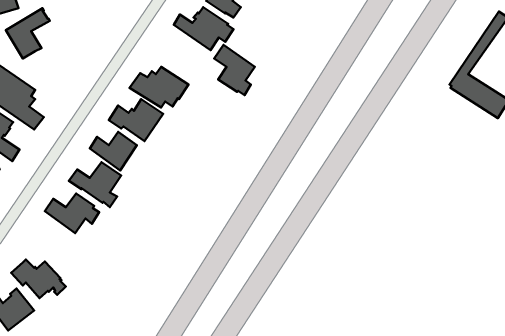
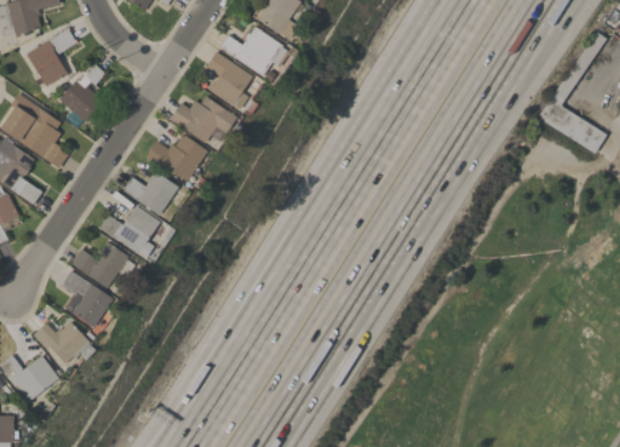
building: none -> [59,62,105,128]
building: [214,45,255,95] -> [206,51,253,109]
building: none -> [62,270,113,327]

